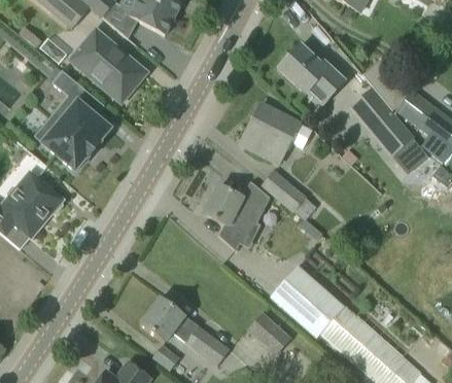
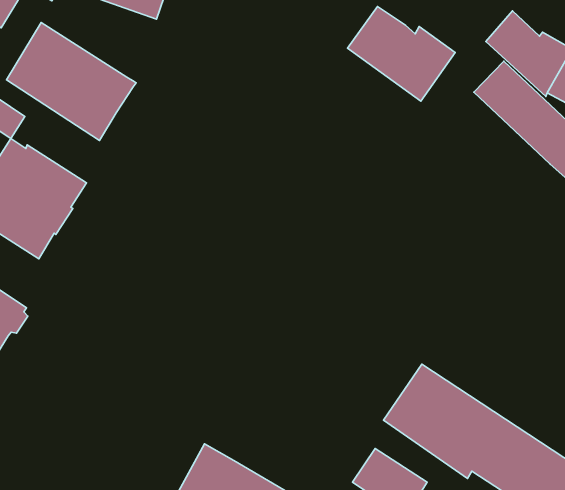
building: [245,103,312,164] -> none
building: [263,171,316,220] -> none
building: [205,181,271,250] -> none

